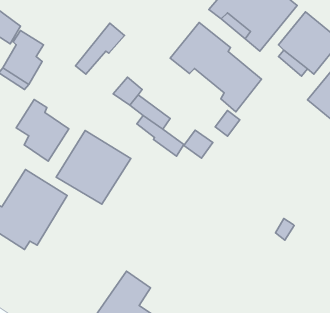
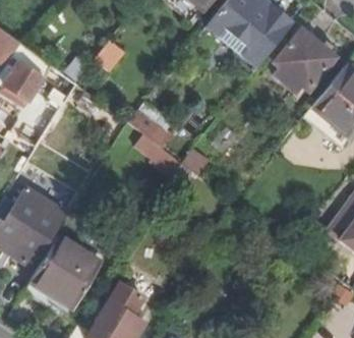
building: [170,22,261,112] -> none
building: [16,99,69,161] -> none
building: [56,130,131,204] -> [31,234,104,306]

